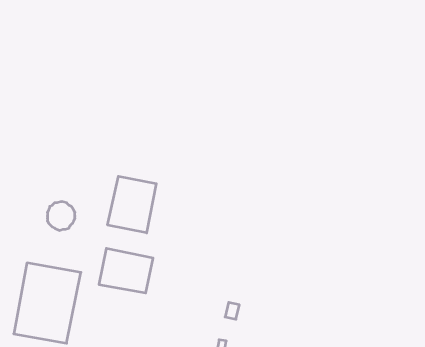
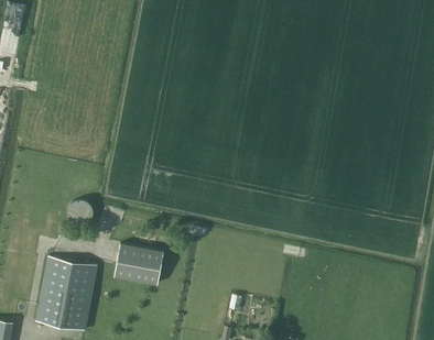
building: [108,176,156,233] -> none

